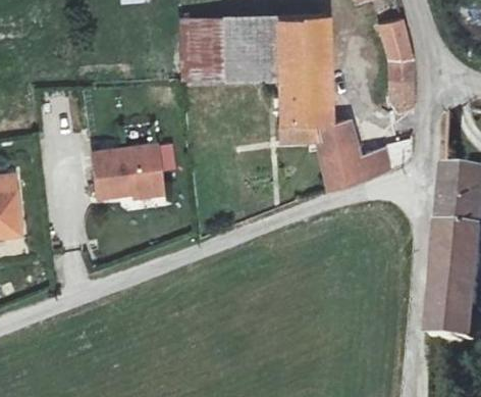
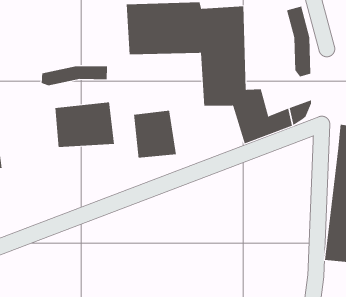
building: none -> [41,65,108,86]
building: none -> [134,110,177,158]

